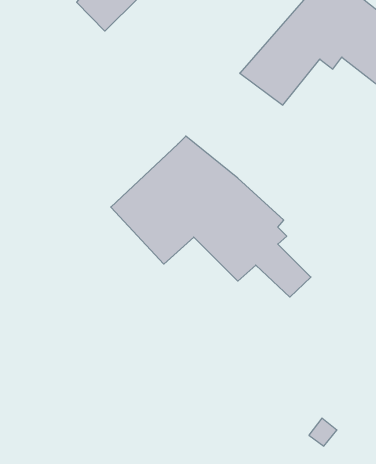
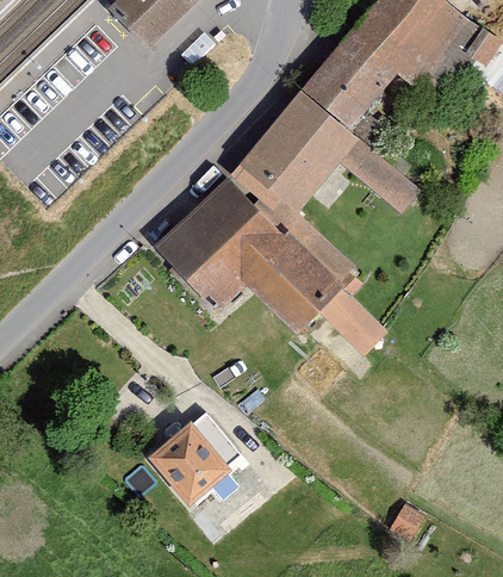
building: none -> [238,88,418,215]
building: none -> [155,418,240,504]

